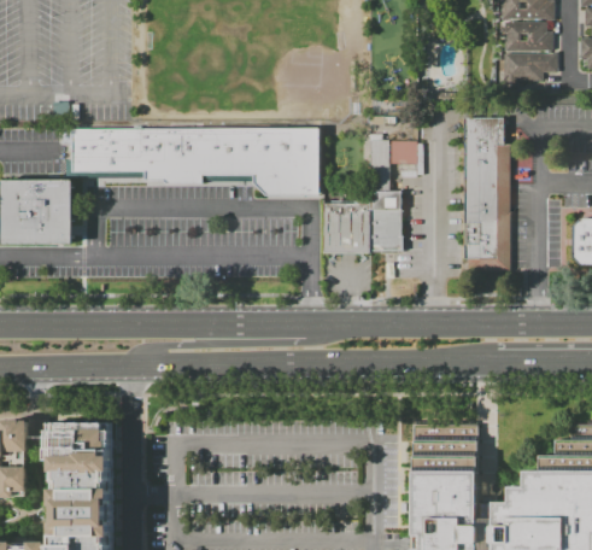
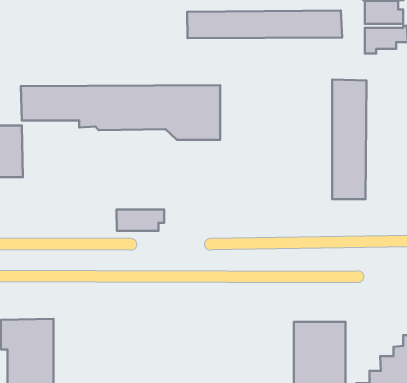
building: none -> [187,10,342,38]
building: [322,134,415,253] -> none
building: none -> [117,209,164,231]

